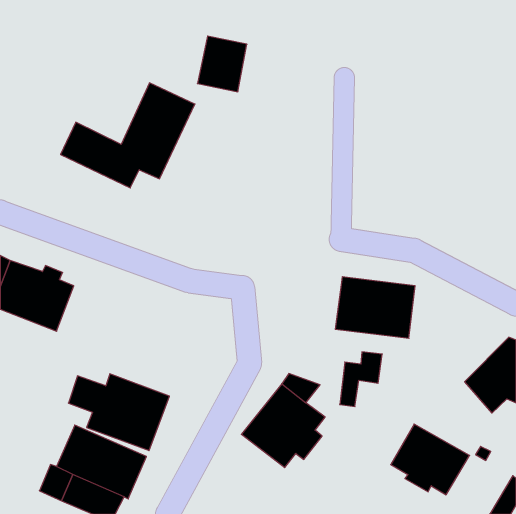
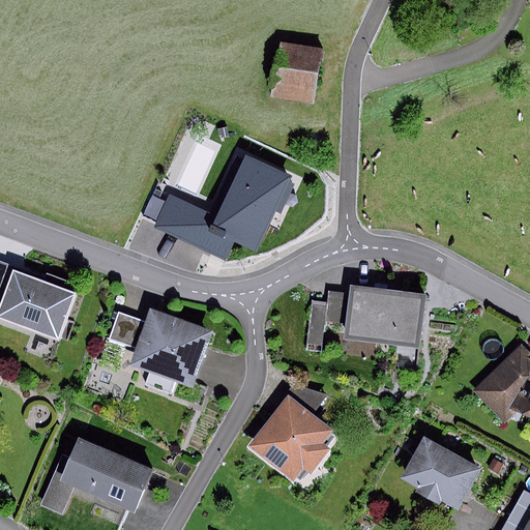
building: [197,36,247,92] -> [271,45,322,101]
building: [61,83,195,188] -> [153,152,291,260]
building: [340,352,382,407] -> [306,290,350,346]
building: [68,374,169,451] -> [108,310,211,388]

